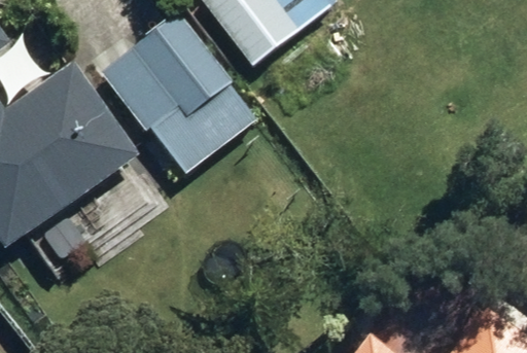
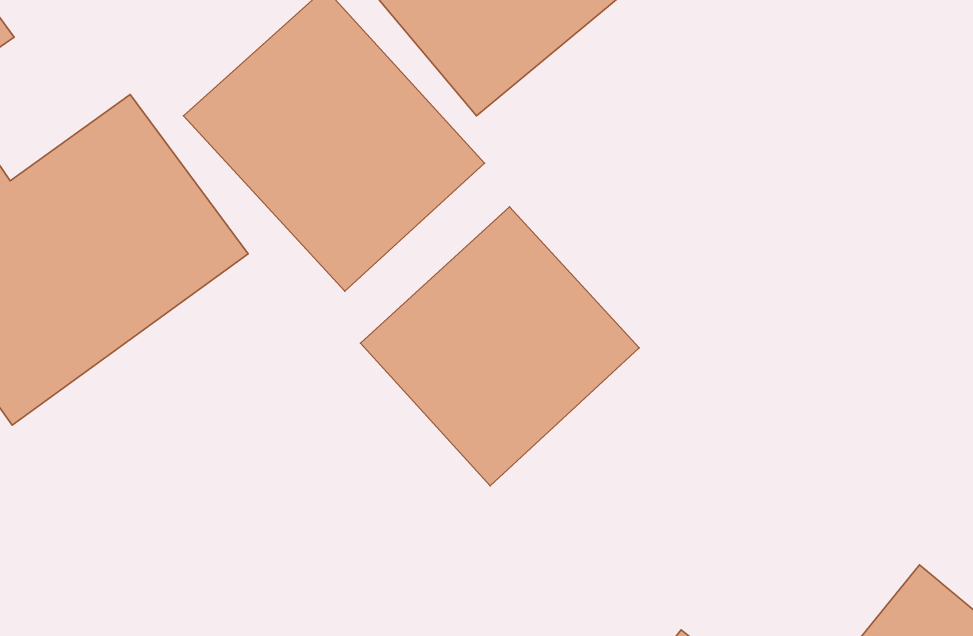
building: none -> [361,207,639,486]

